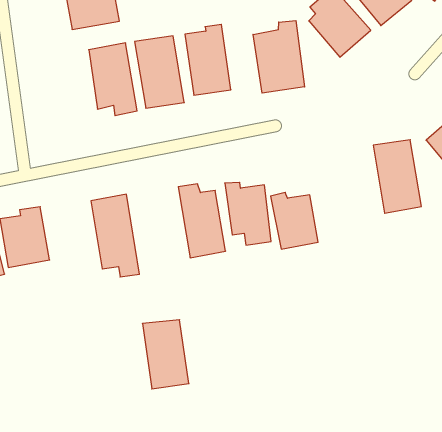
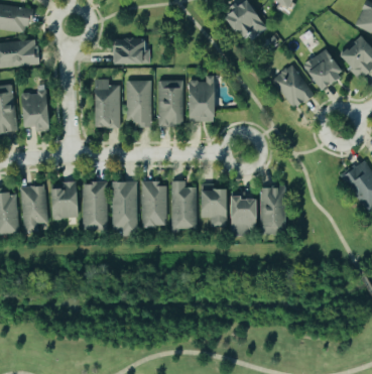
building: [253,21,305,93] -> none
building: none -> [97,79,120,126]
building: [373,140,421,213] -> [260,186,286,233]
building: none -> [81,180,108,229]
building: [142,320,189,389] -> [141,180,166,225]

